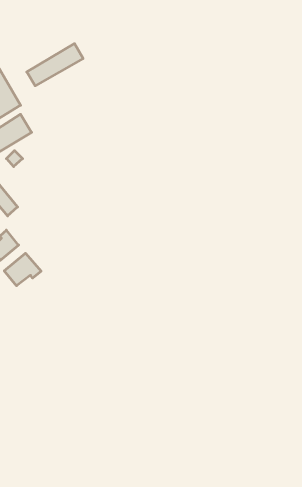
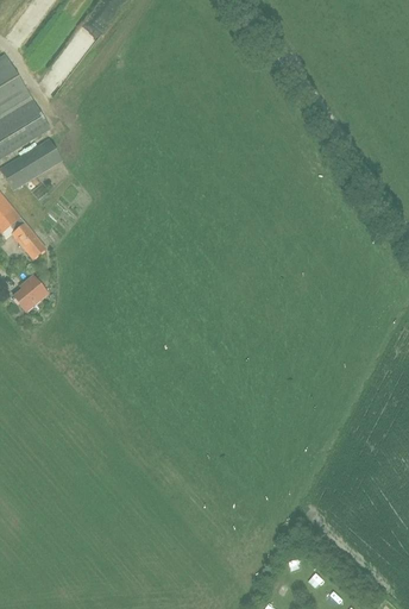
building: [27,44,83,86] -> none
building: [4,253,41,286] -> none

